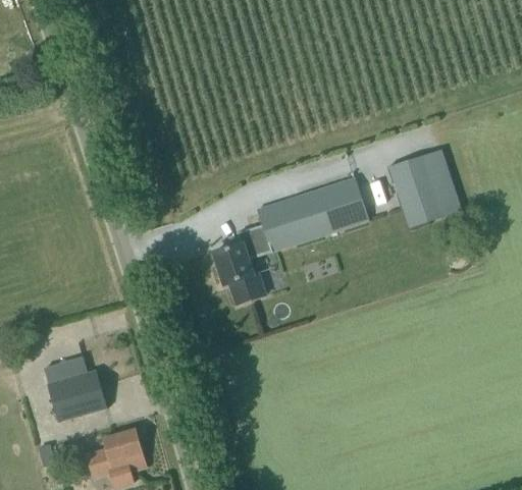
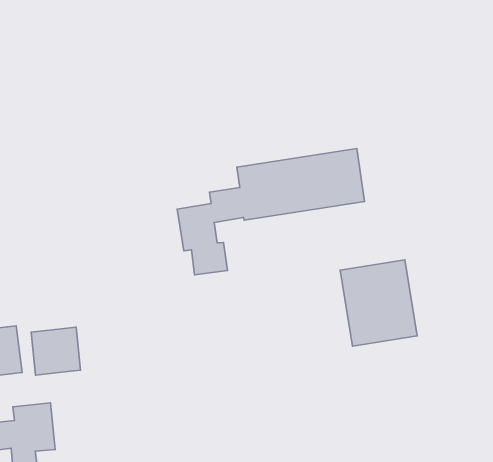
building: [388,149,461,227] -> [340,260,417,346]
building: none -> [31,327,80,375]

